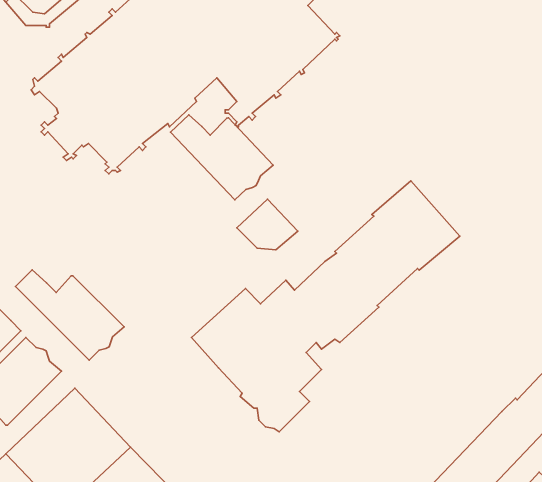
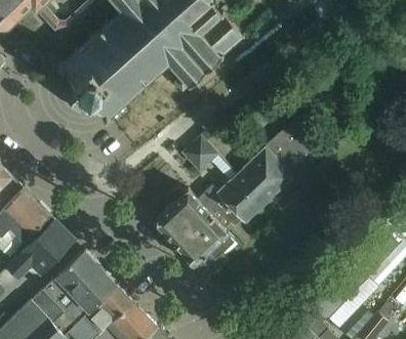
building: [171,115,273,200] -> none
building: [15,270,124,360] -> none

